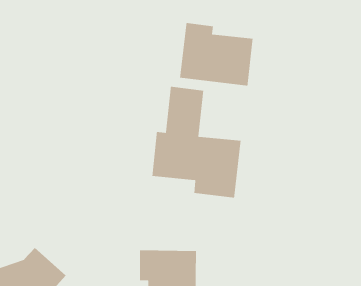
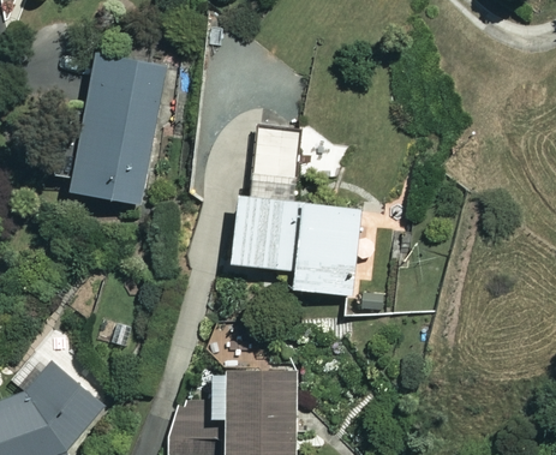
building: [179,22,254,86] -> none
building: none -> [71,52,166,204]

